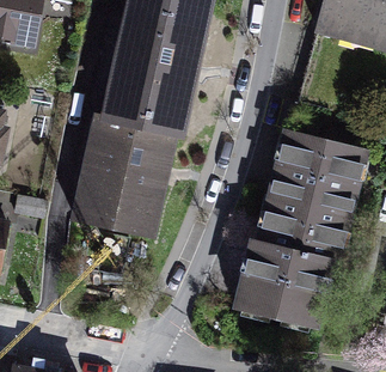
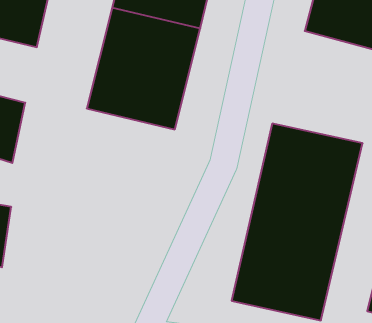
building: [66,115,182,242] -> none

